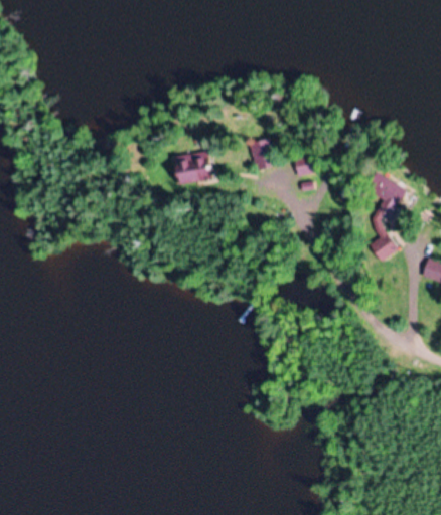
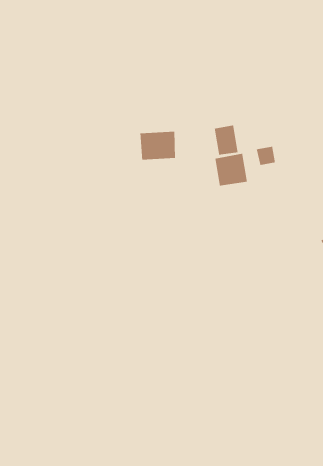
building: none -> [215,153,248,187]

